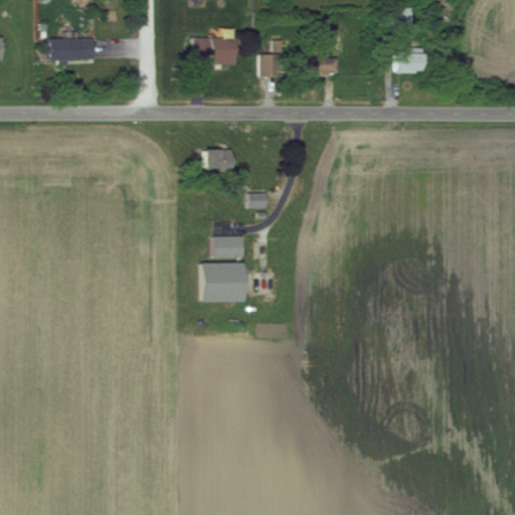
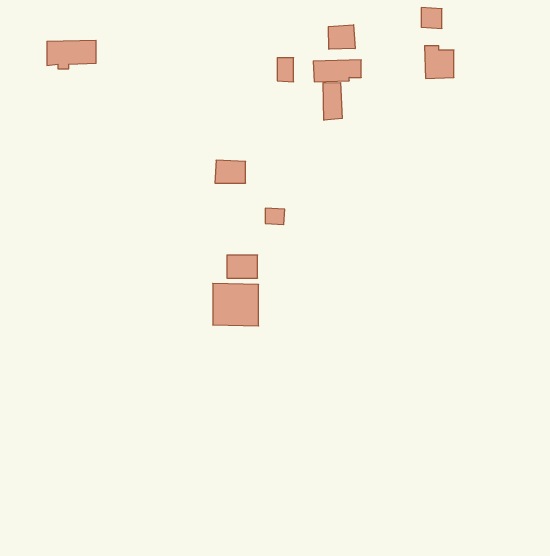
building: none -> [328,25,355,49]
building: [194,37,236,64] -> none
building: none -> [323,83,342,120]

